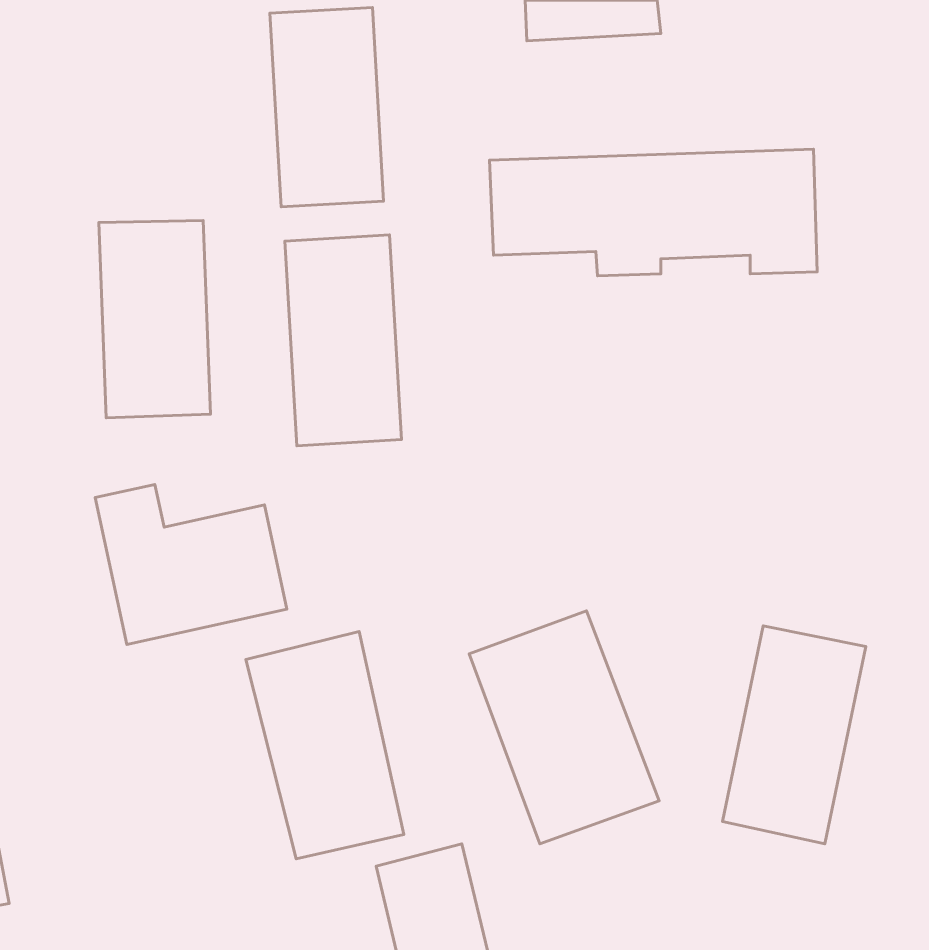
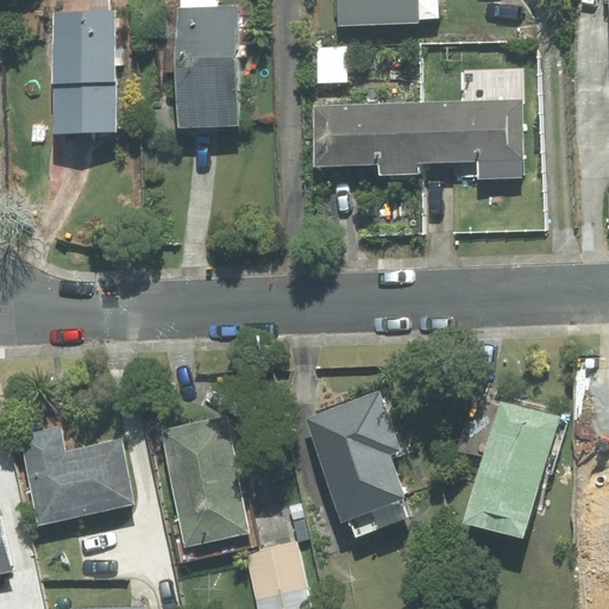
building: [99,221,211,418] -> [50,7,121,133]
building: [285,235,401,446] -> none
building: [95,484,287,645] -> [17,423,139,526]

